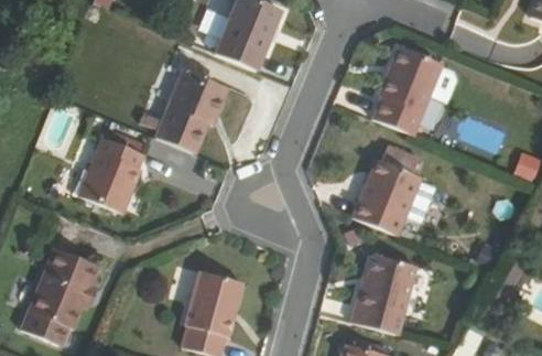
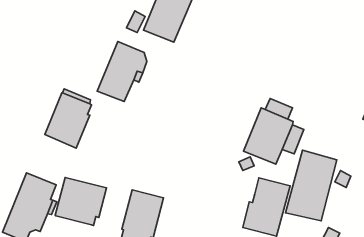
building: [372,46,456,136] -> none
building: none -> [285,150,337,221]
building: none -> [55,178,106,225]

